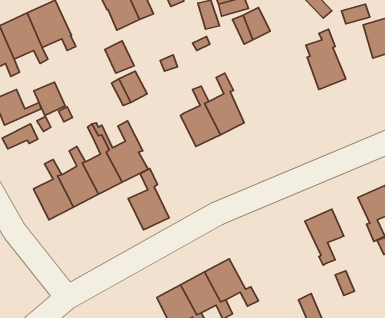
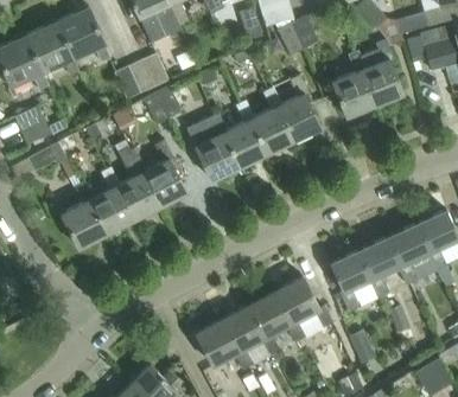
building: none -> [330,51,373,117]
building: none -> [275,75,319,142]
building: [34,82,65,116] -> [115,62,150,98]
building: [128,168,169,230] -> [192,114,237,181]
building: none -> [387,224,433,286]
building: none -> [329,250,377,312]
building: none -> [274,278,330,329]

